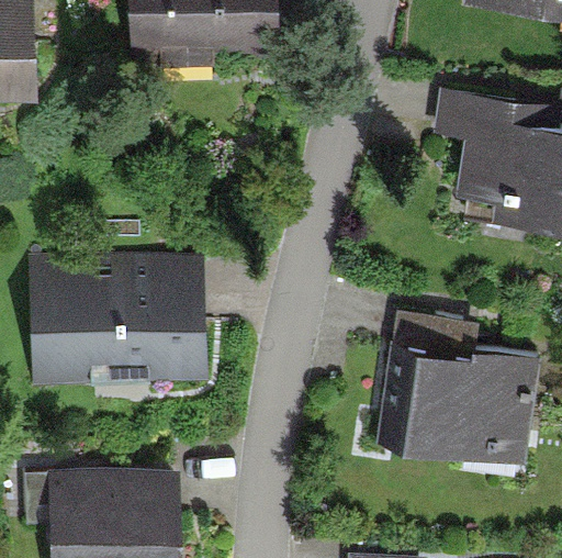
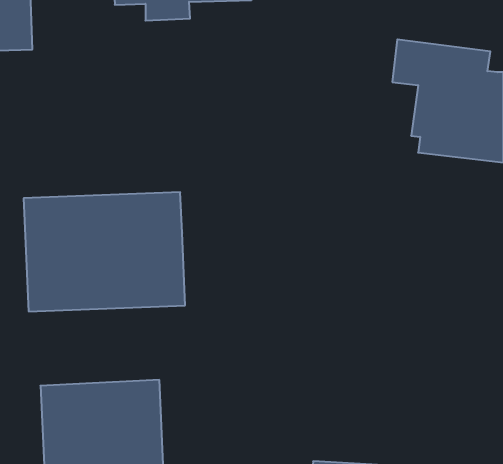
building: [401,342,541,465] -> none

